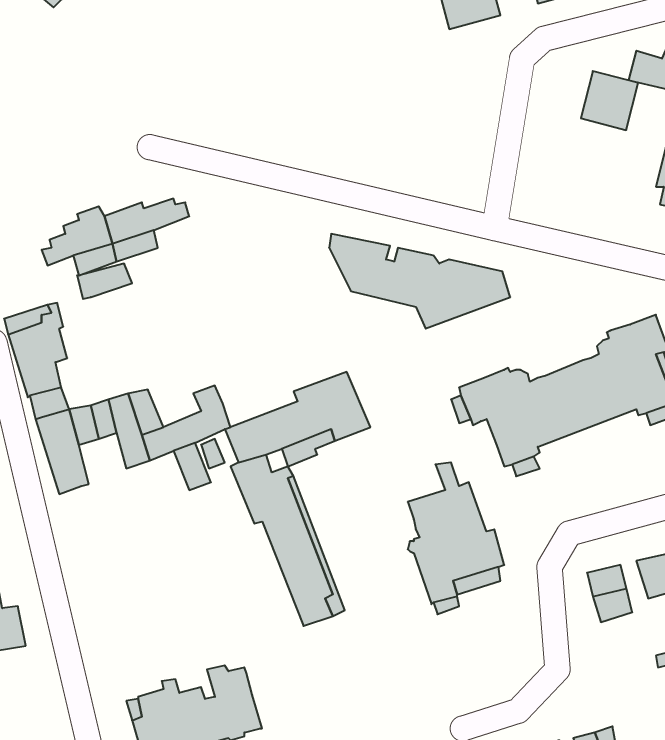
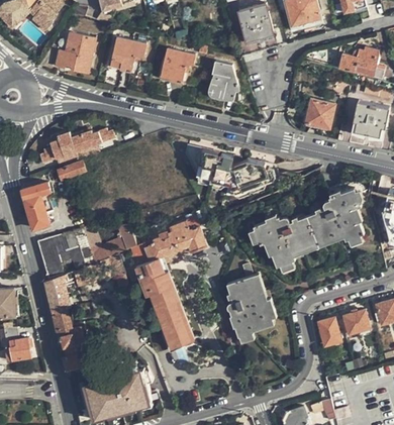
building: none -> [56,33,95,74]
building: none -> [110,37,145,73]
building: none -> [161,48,194,83]
building: none -> [211,61,236,100]
building: [581,71,638,130] -> [305,99,334,129]
building: none -> [43,276,84,368]

